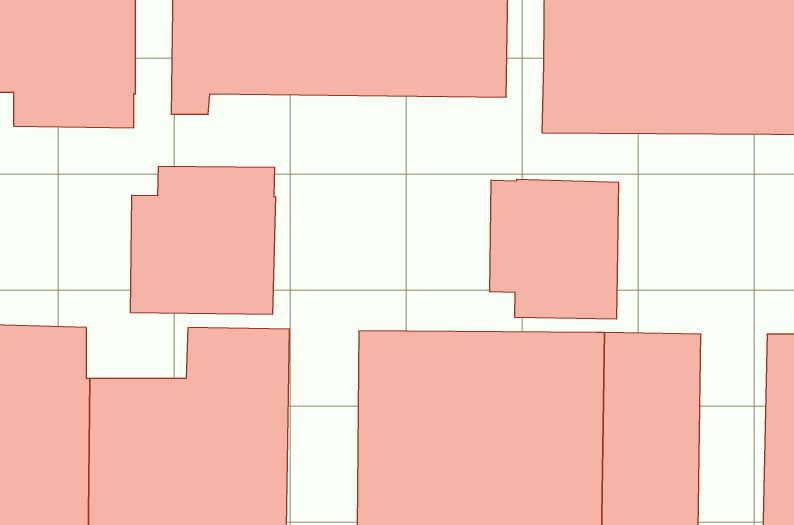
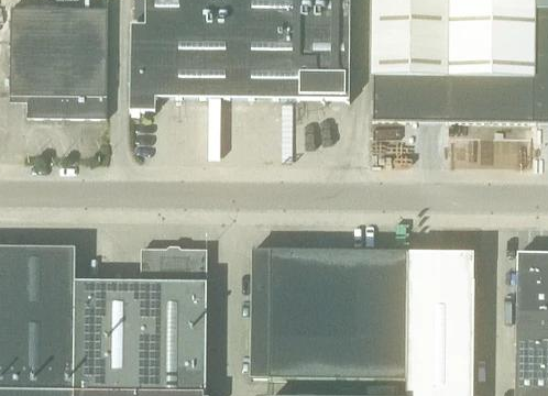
building: [131,166,275,314] -> none
building: [490,179,619,319] -> none

